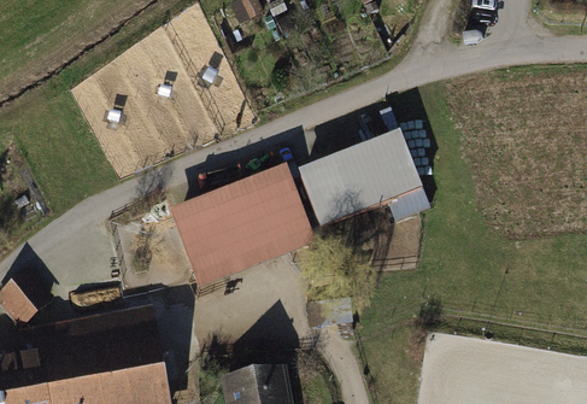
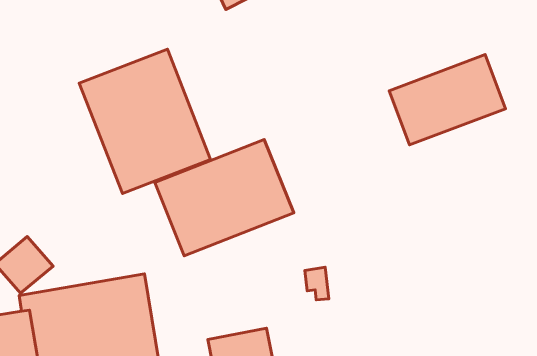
building: none -> [79,49,211,194]
building: [295,133,419,229] -> [389,55,505,145]

